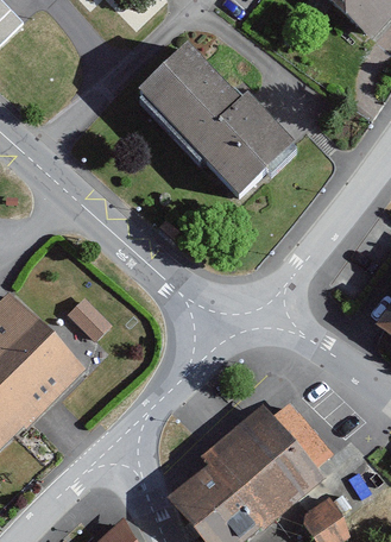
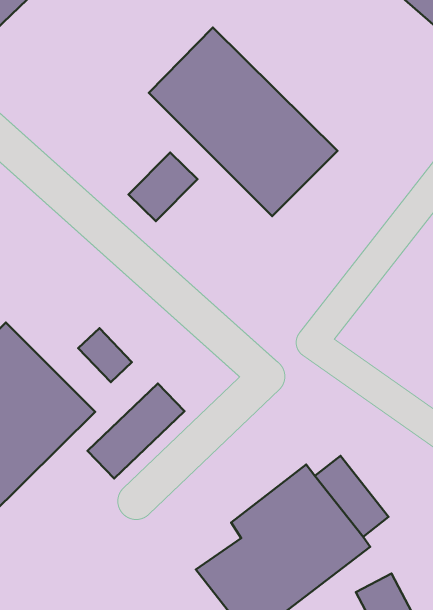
building: none -> [129,152,198,221]
building: none -> [87,384,185,478]

